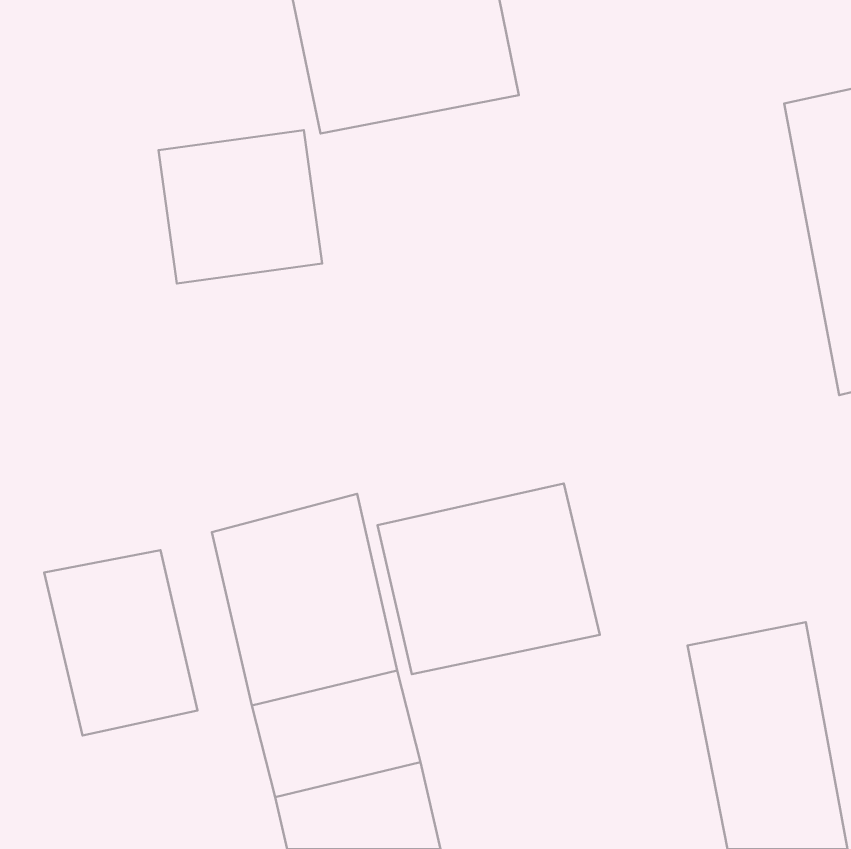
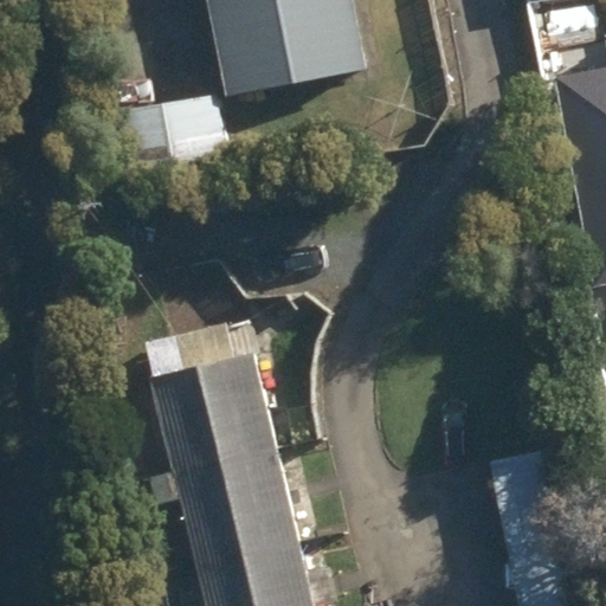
building: [378,483,600,674] -> none
building: [44,550,198,736] -> none

